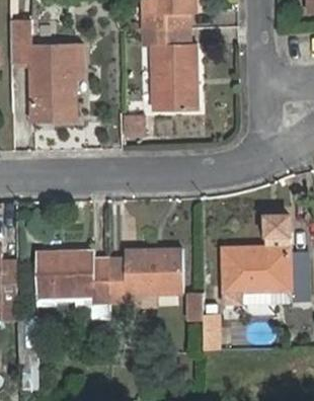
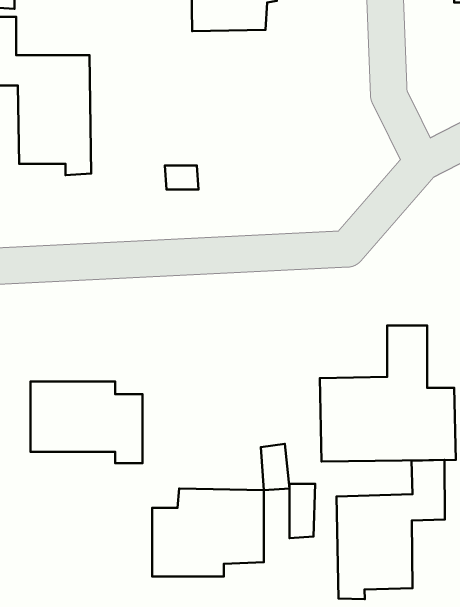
building: [141,28,197,110] -> none
building: [109,247,180,303] -> [152,489,264,577]
building: none -> [336,460,445,599]

